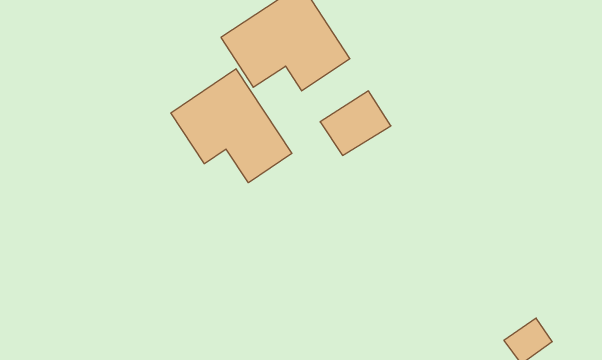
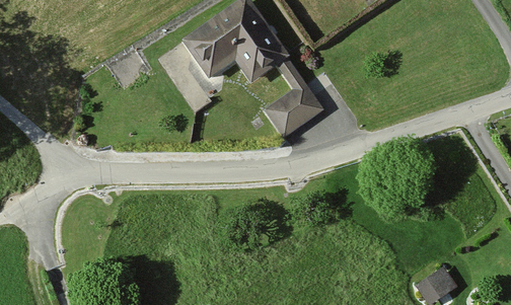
building: [171,69,292,183] -> none

